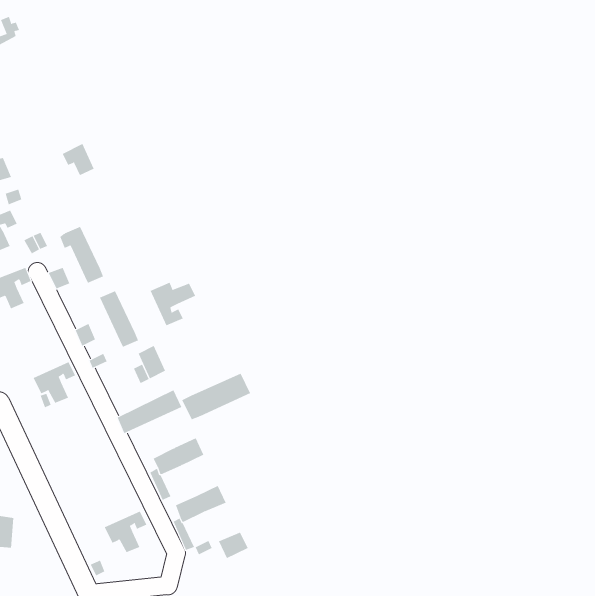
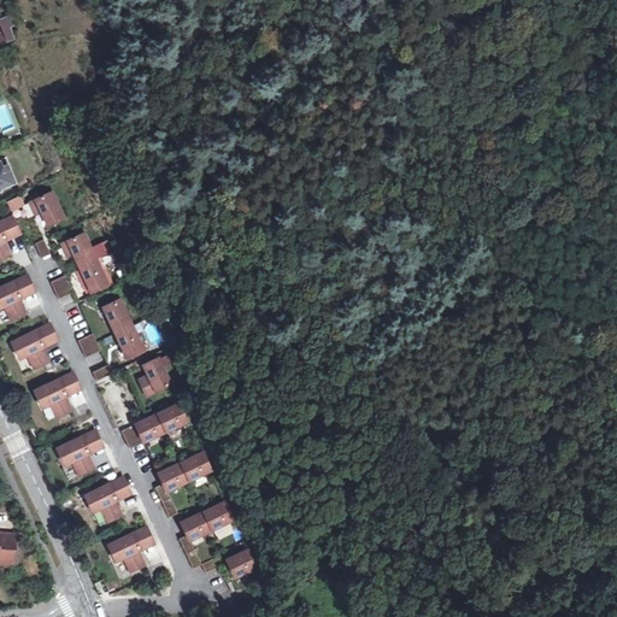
building: [62,143,95,176] -> [29,192,63,225]
building: [150,282,196,326] -> none
building: none -> [11,324,55,369]
building: [181,373,251,420] -> none
building: none -> [57,430,101,475]
building: none -> [84,477,129,522]

